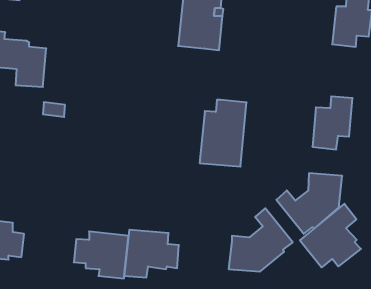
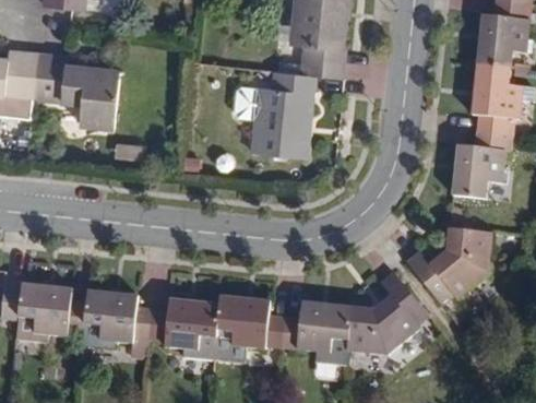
building: none -> [473,63,523,132]
building: [200,100,247,167] -> [257,66,317,151]
building: [300,204,361,267] -> none
building: none -> [82,293,153,353]
building: none -> [282,309,352,368]

